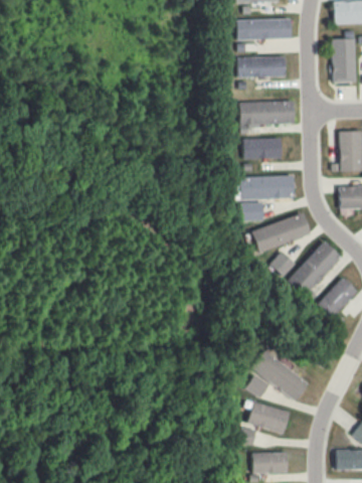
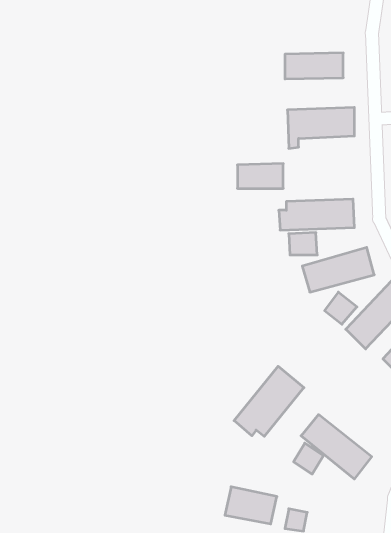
building: [237,19,292,40] -> none
building: [244,138,282,158] -> [237,164,283,188]
building: none -> [234,366,304,436]
building: [247,403,290,433] -> [225,487,277,524]

